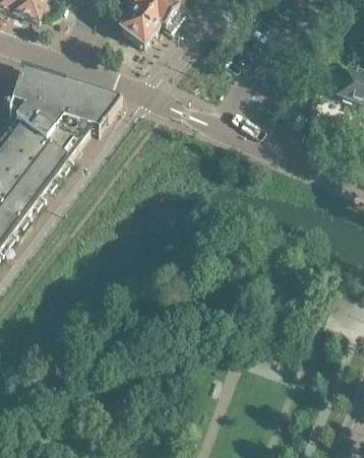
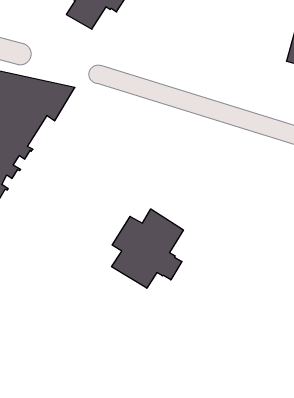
building: none -> [112,209,183,288]

